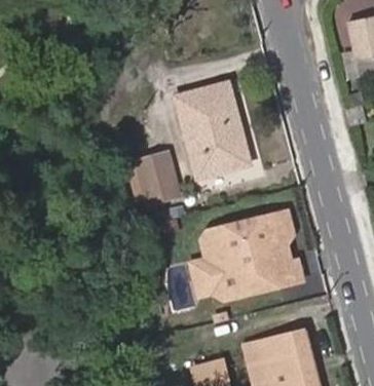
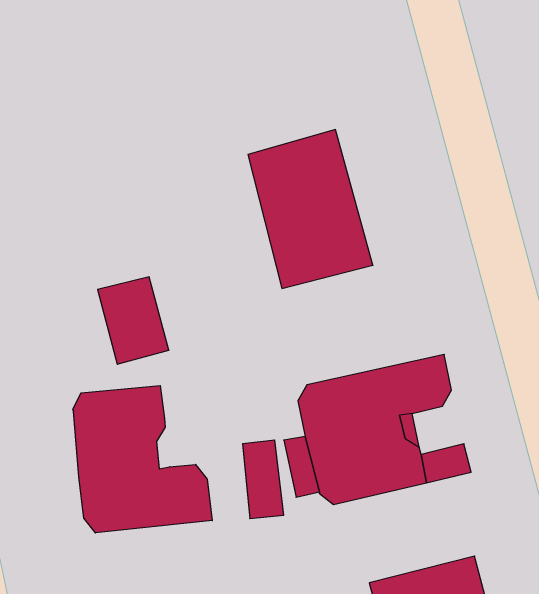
building: [136,152,177,202] -> [98,277,169,364]
building: none -> [73,386,212,533]

